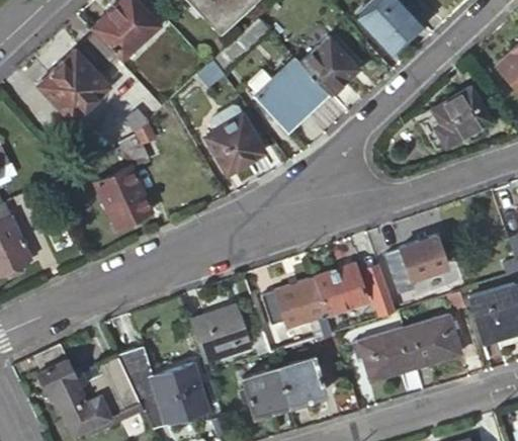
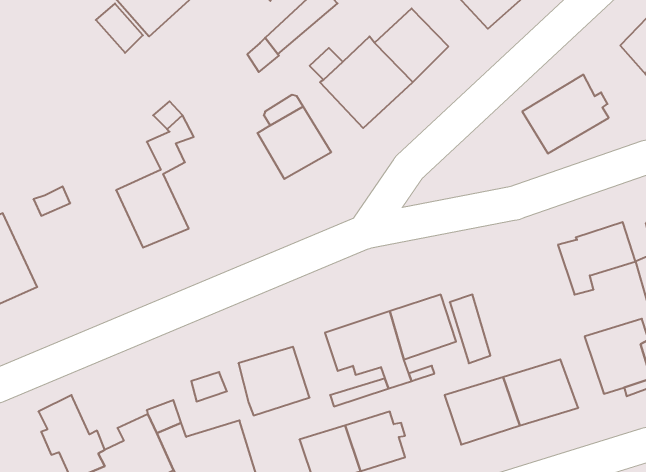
building: [37,50,111,123] -> none
building: [383,236,445,293] -> [558,222,636,295]

